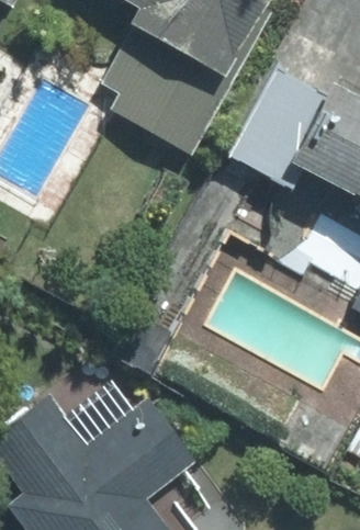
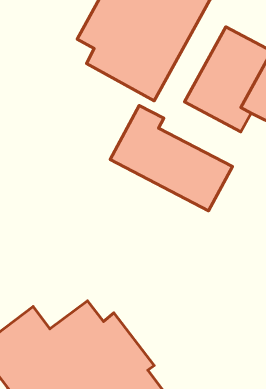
building: none -> [110,105,232,211]

